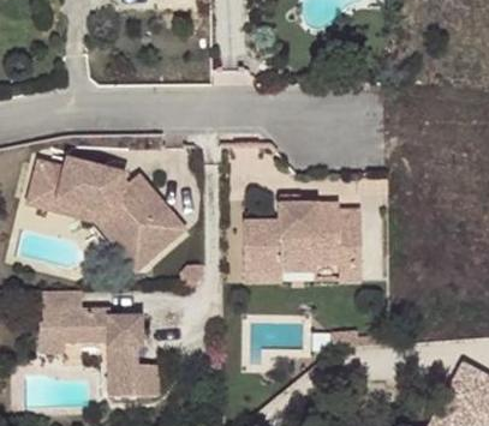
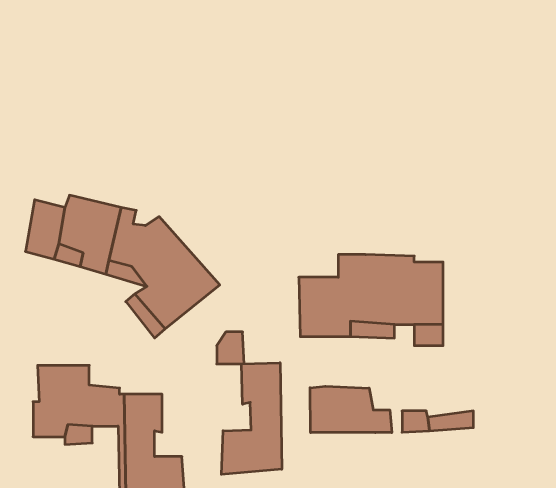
building: none -> [221,363,282,474]
building: none -> [310,386,392,433]

